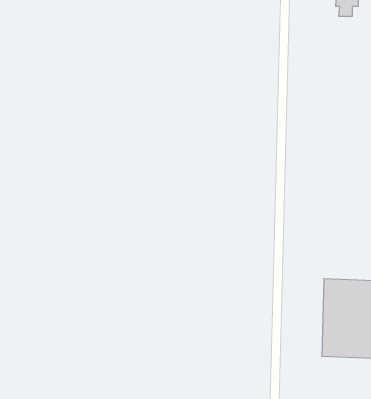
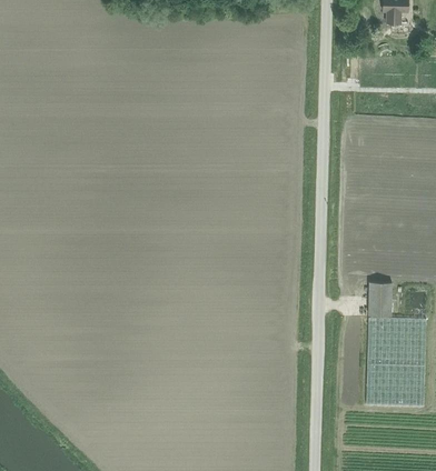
building: none -> [368,282,392,314]

